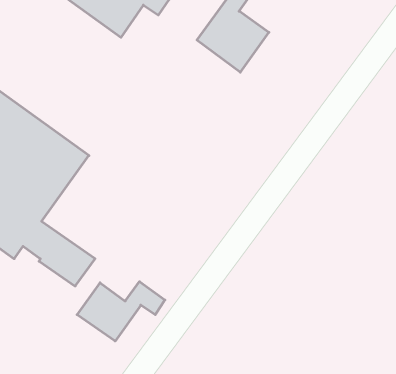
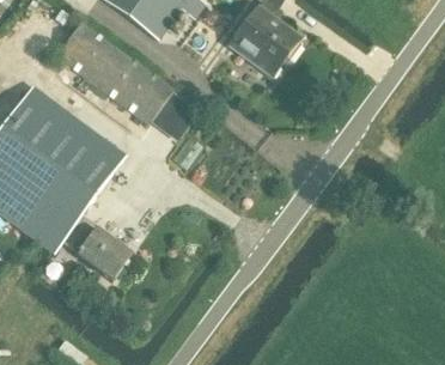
building: none -> [55,19,177,121]
building: [77,282,165,341] -> none

